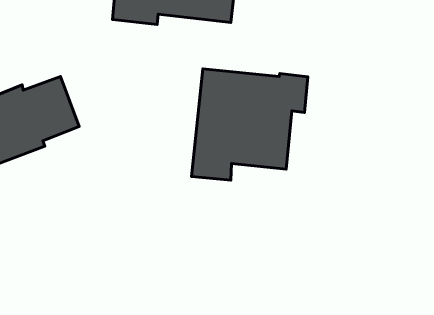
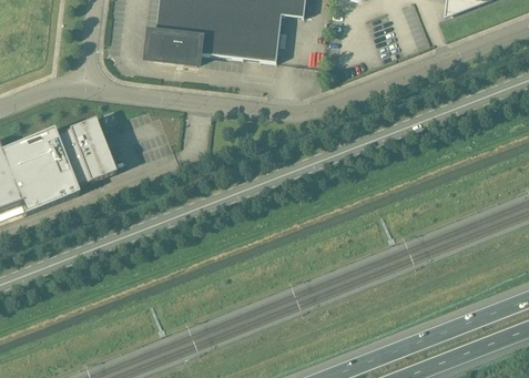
building: [191,69,308,180] -> none

